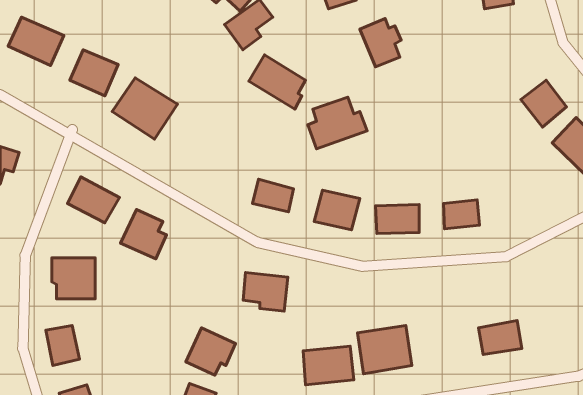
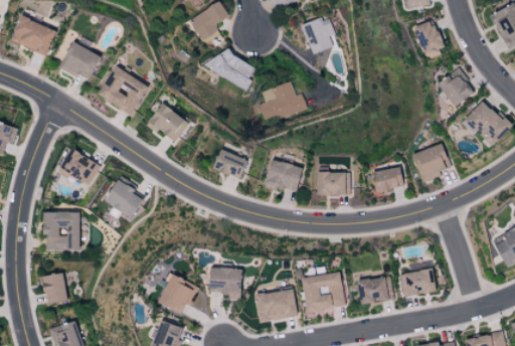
building: none -> [413,19,444,54]
building: none -> [146,102,190,142]
building: none -> [412,143,452,182]
building: [243,272,288,311] -> [207,266,244,298]
building: none -> [357,276,394,304]

